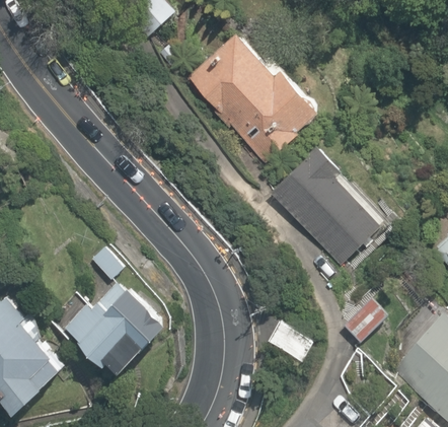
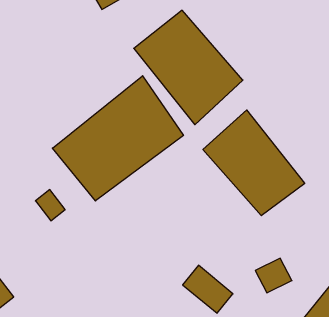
building: none -> [52,76,183,201]
building: [59,297,165,387] -> none

